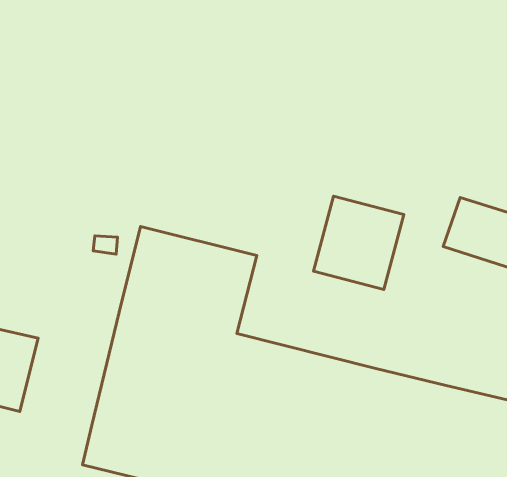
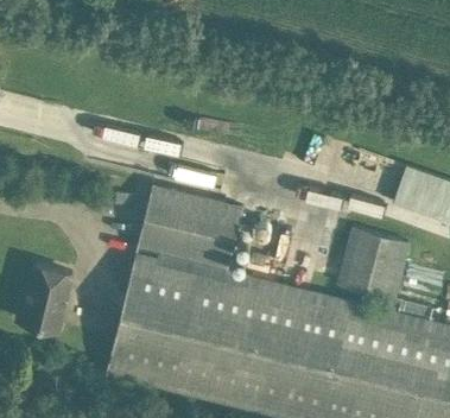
building: [314,196,404,290] -> [338,229,408,302]

